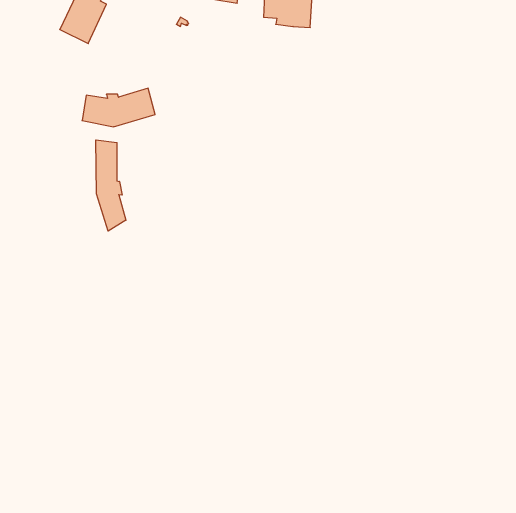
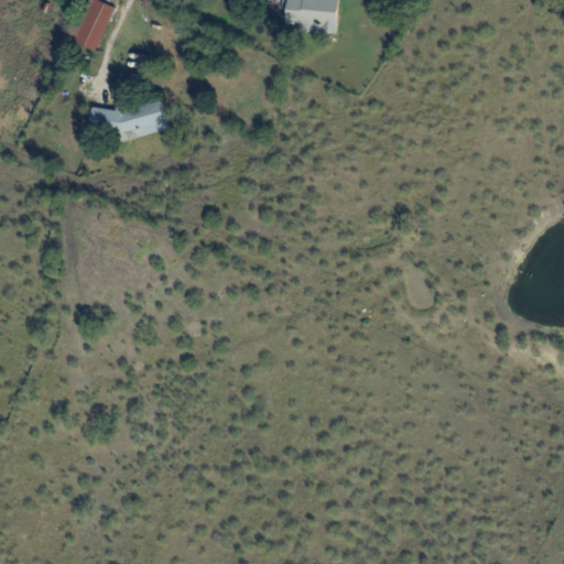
building: [96,140,126,231] -> none

